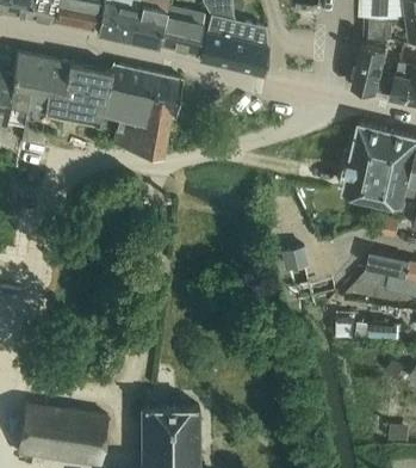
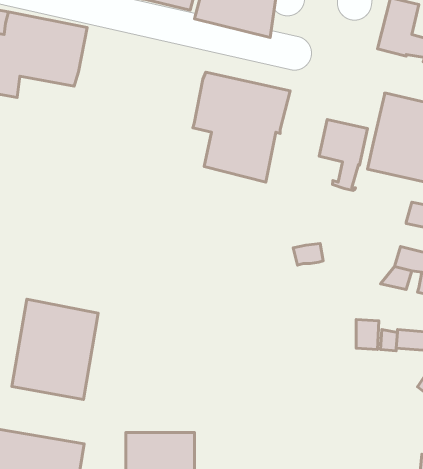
building: [101,64,182,156] -> [193,72,290,182]
building: none -> [319,119,368,190]
building: none -> [12,299,98,399]

